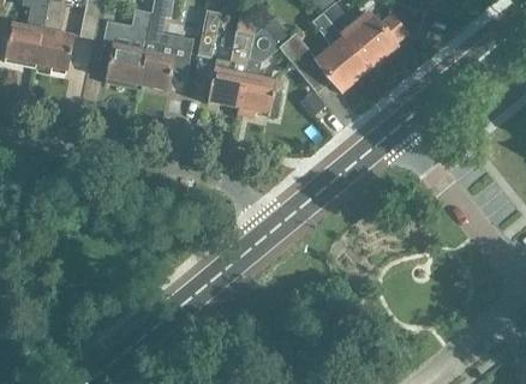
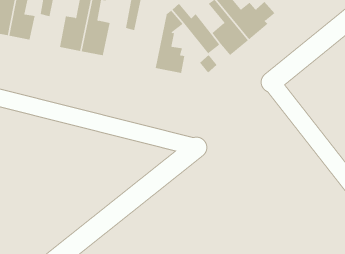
building: [207,29,253,108] -> none

